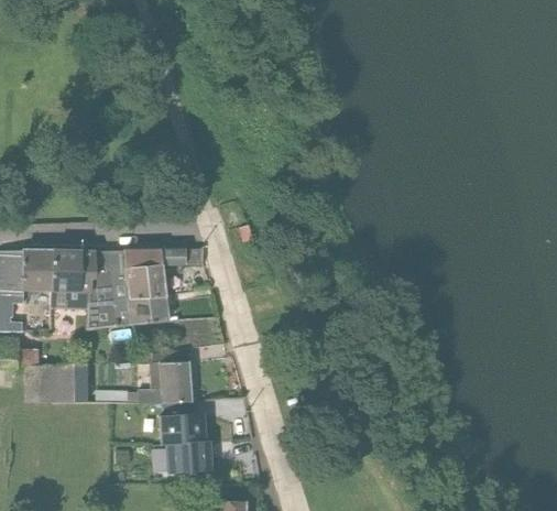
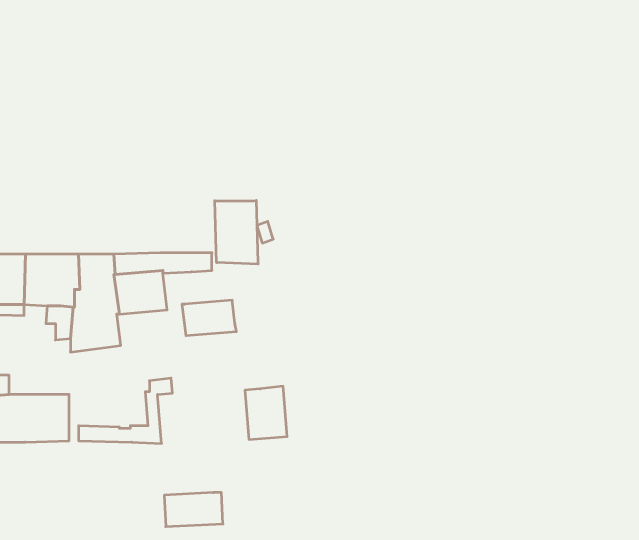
building: none -> [215,200,258,264]
building: [125,296,170,325] -> [182,300,236,336]
building: [159,361,193,404] -> [245,386,287,439]
building: [163,416,204,446] -> none

